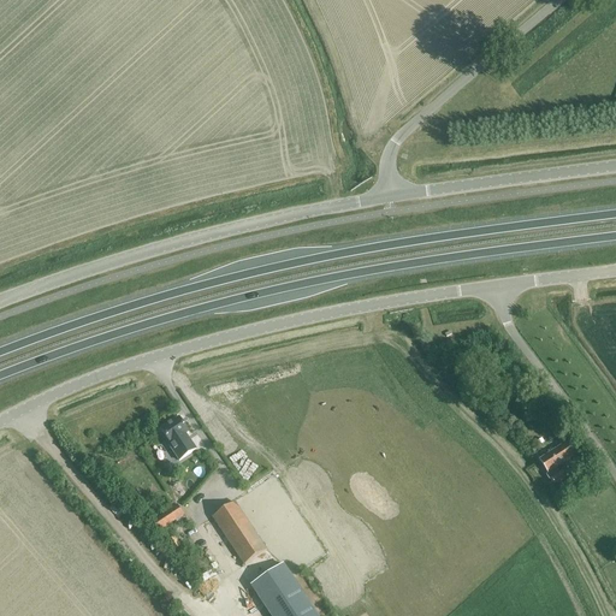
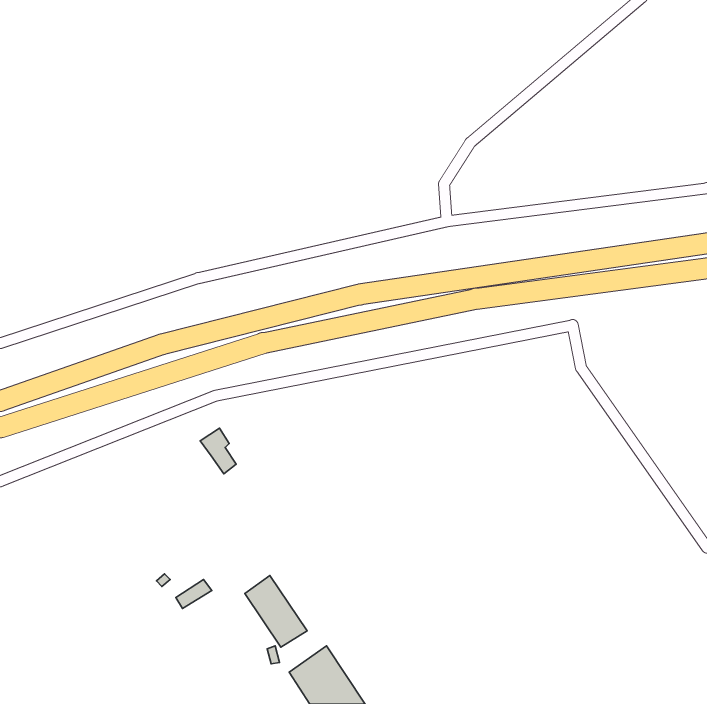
building: [162,417,194,457] -> [200,428,236,474]
building: [539,439,578,484] -> none

